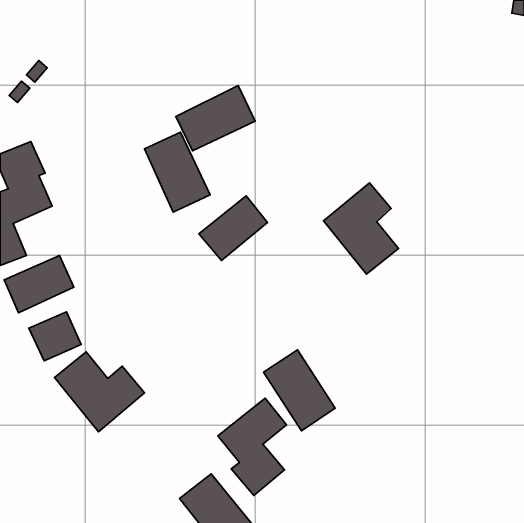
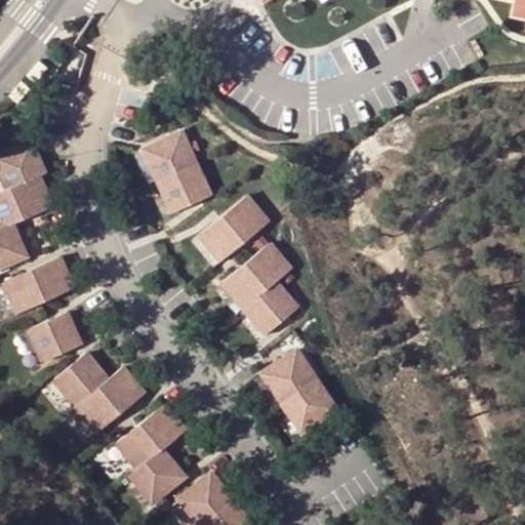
building: [176,86,255,151] -> none
building: [324,183,398,274] -> [223,244,297,335]
building: [218,398,287,495] -> [117,404,186,501]

